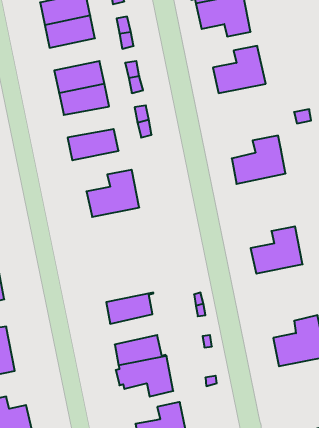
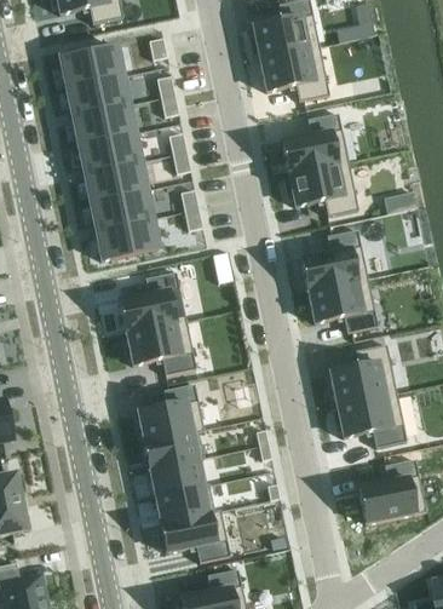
building: none -> [71,104,136,145]
building: none -> [284,162,358,217]
building: none -> [90,191,154,231]
building: none -> [311,277,384,333]
building: none -> [126,321,196,375]
building: none -> [138,384,205,442]
building: none -> [332,393,407,448]
building: none -> [149,458,209,496]

